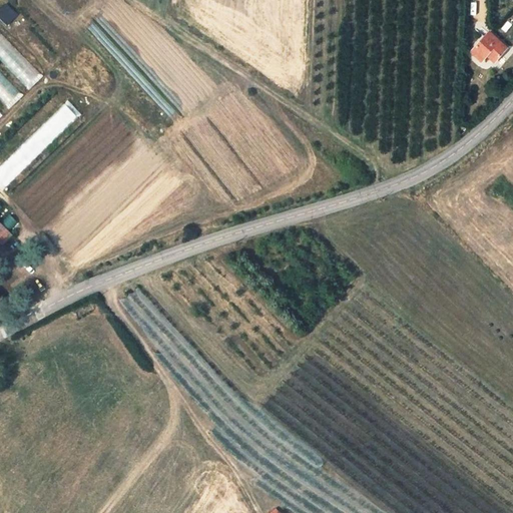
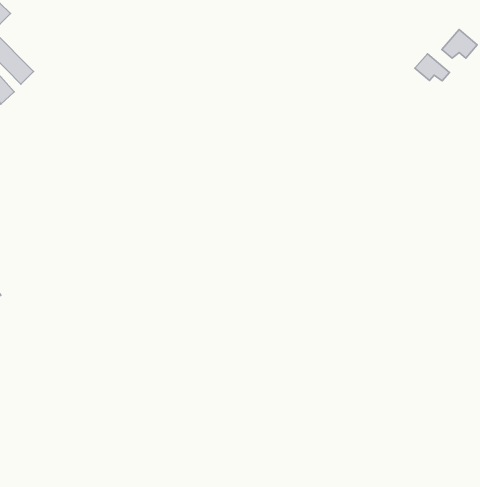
building: none -> [415,54,449,81]

